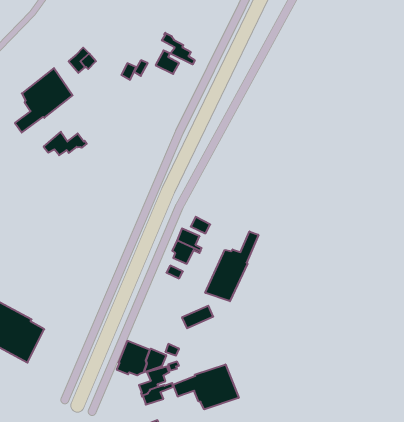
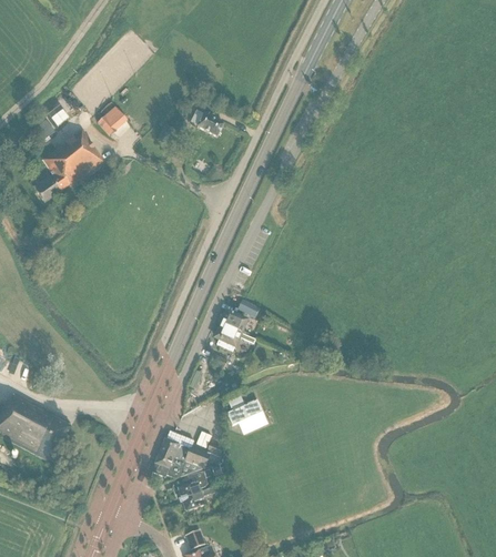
building: [162,33,195,64] -> none
building: [44,132,87,155] -> none
building: [205,231,258,301] -> none
building: [173,364,239,409] -> none

